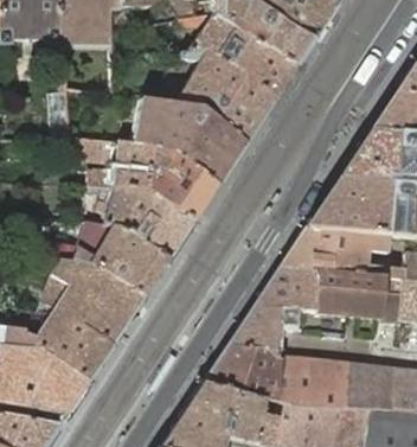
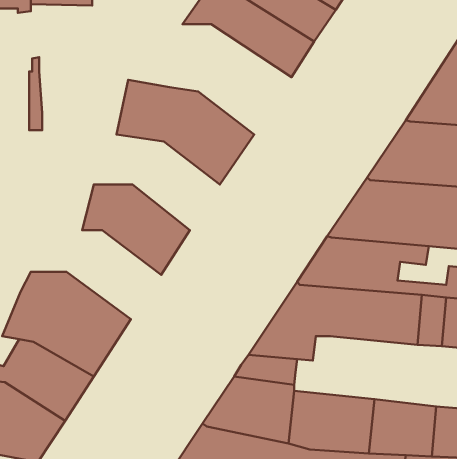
building: [175,52,276,143] -> none
building: [86,136,217,223] -> none
building: [50,223,168,296] -> none

